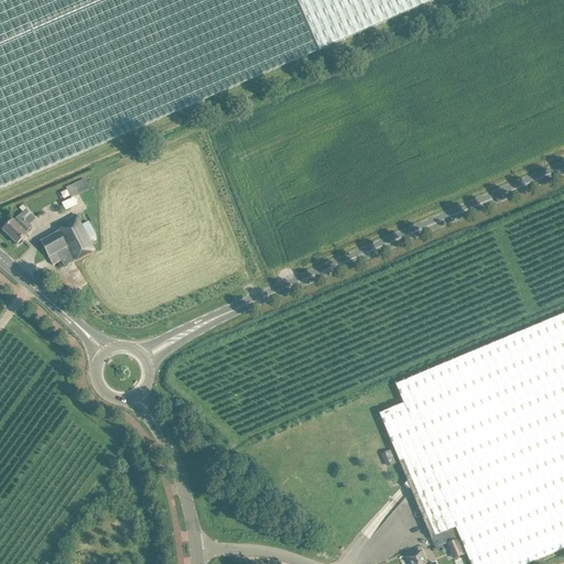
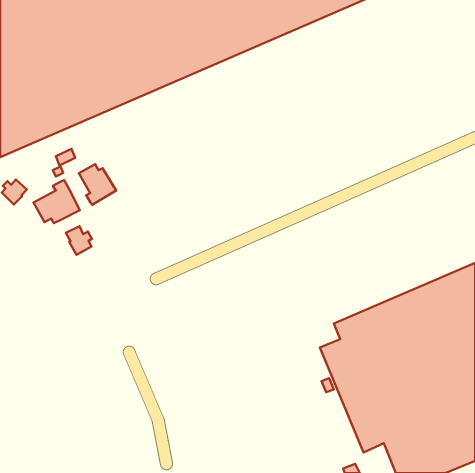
building: none -> [79,164,116,205]
building: none -> [66,226,92,255]

